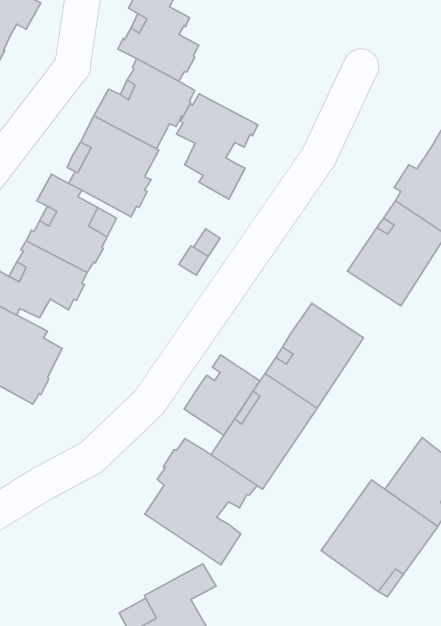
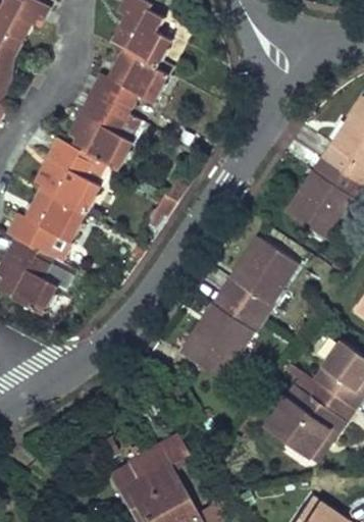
building: [177,94,258,199] -> none
building: [184,355,260,435] -> none
building: [145,438,257,565] -> none

